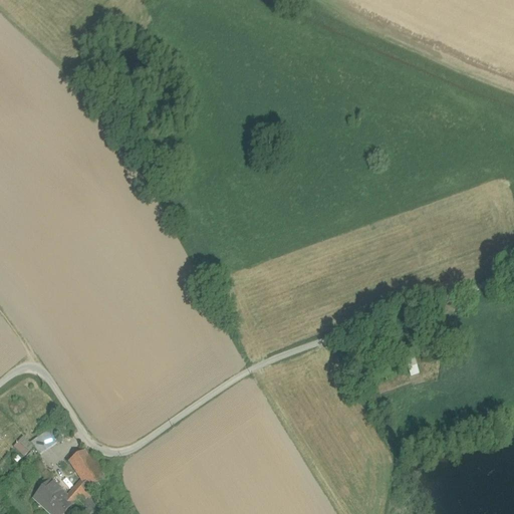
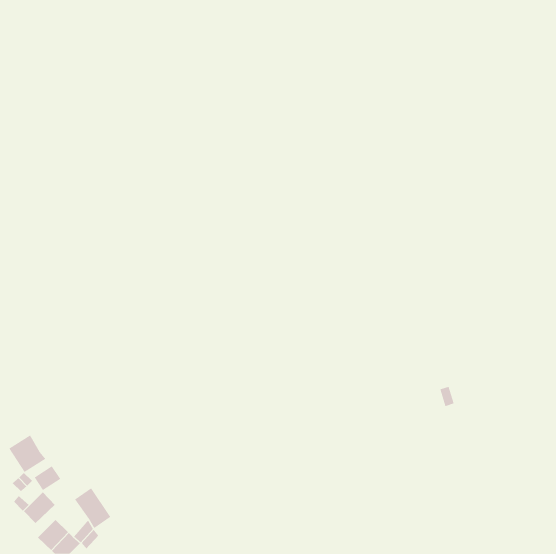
building: none -> [9,434,46,473]
building: none -> [23,491,55,524]

